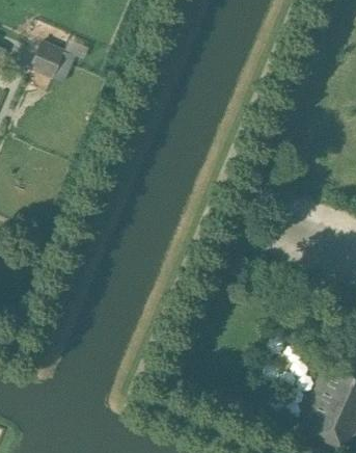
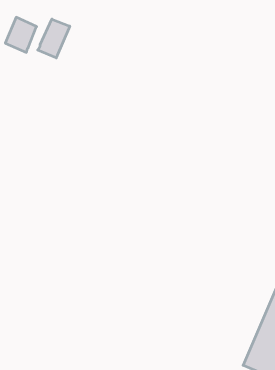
building: none -> [38,19,70,58]

